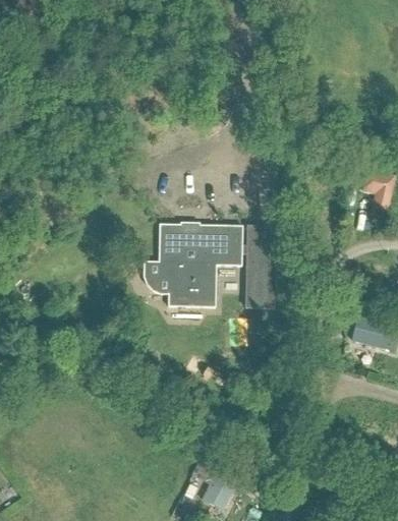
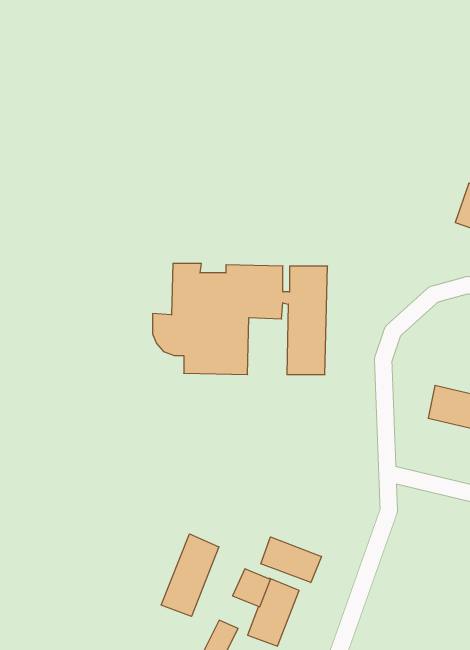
building: none -> [161,534,219,616]
building: none -> [261,537,321,583]

